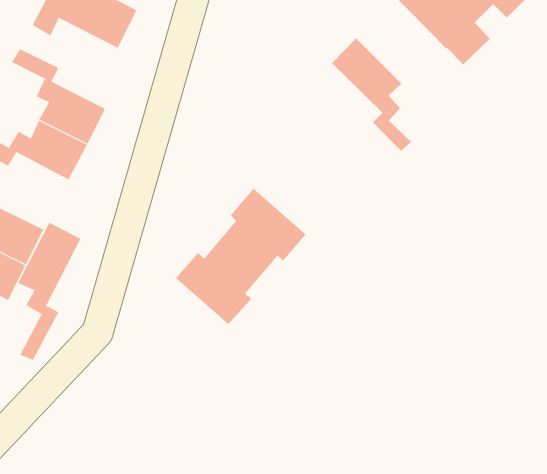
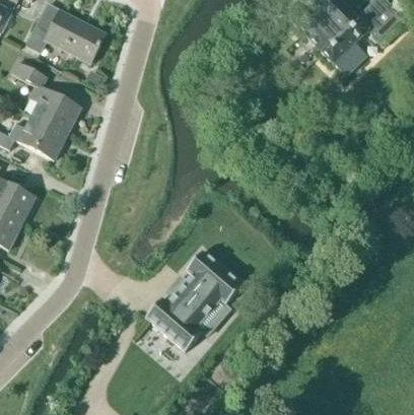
building: [331,38,412,152] -> none
building: [175,188,306,325] -> [145,250,243,351]
building: [17,222,81,360] -> none

